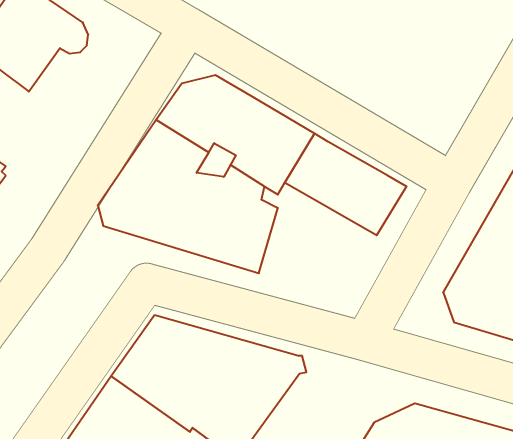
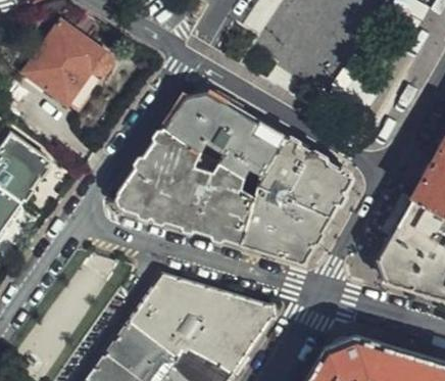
building: none -> [240,175,329,260]

